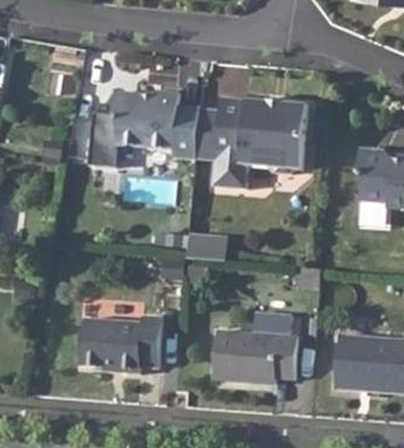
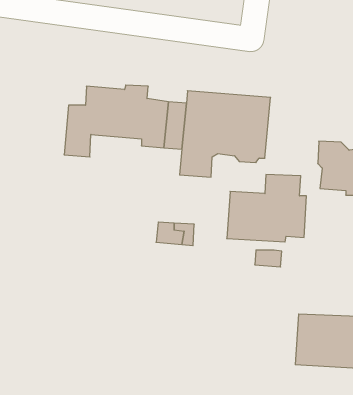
building: [212,311,296,383] -> [227,175,306,242]
building: [80,315,162,373] -> none

